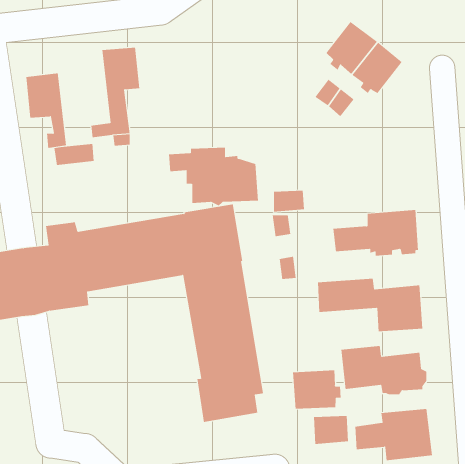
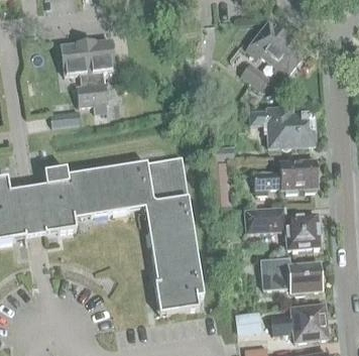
building: [26,73,67,148] -> [61,40,91,96]
building: [168,147,259,206] -> [249,104,316,147]
building: [293,370,341,410] -> none

